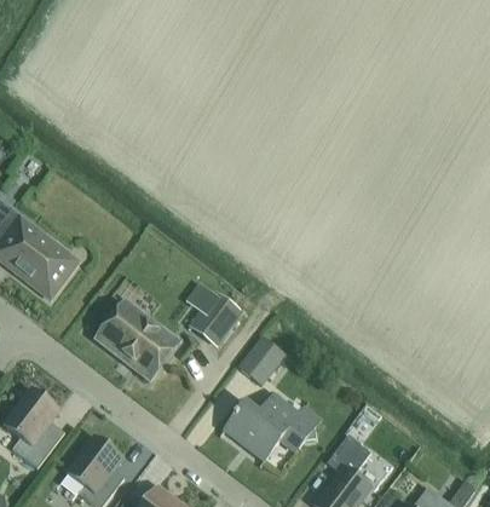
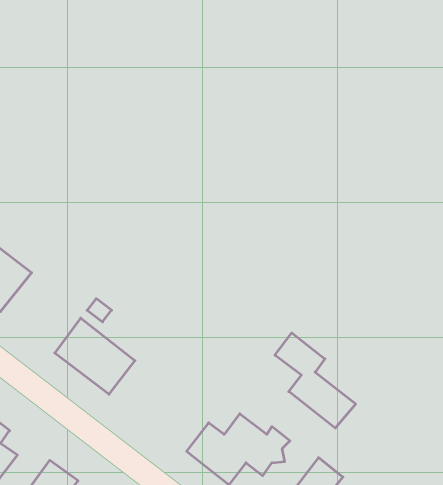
building: [188,292,241,346] -> none
building: none -> [275,333,356,428]
building: [237,334,284,384] -> none

